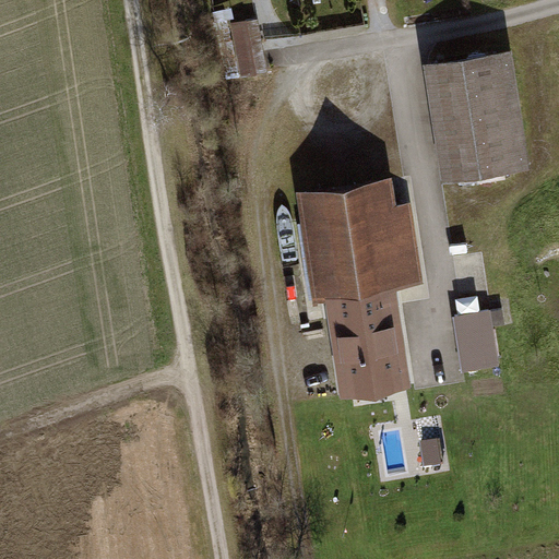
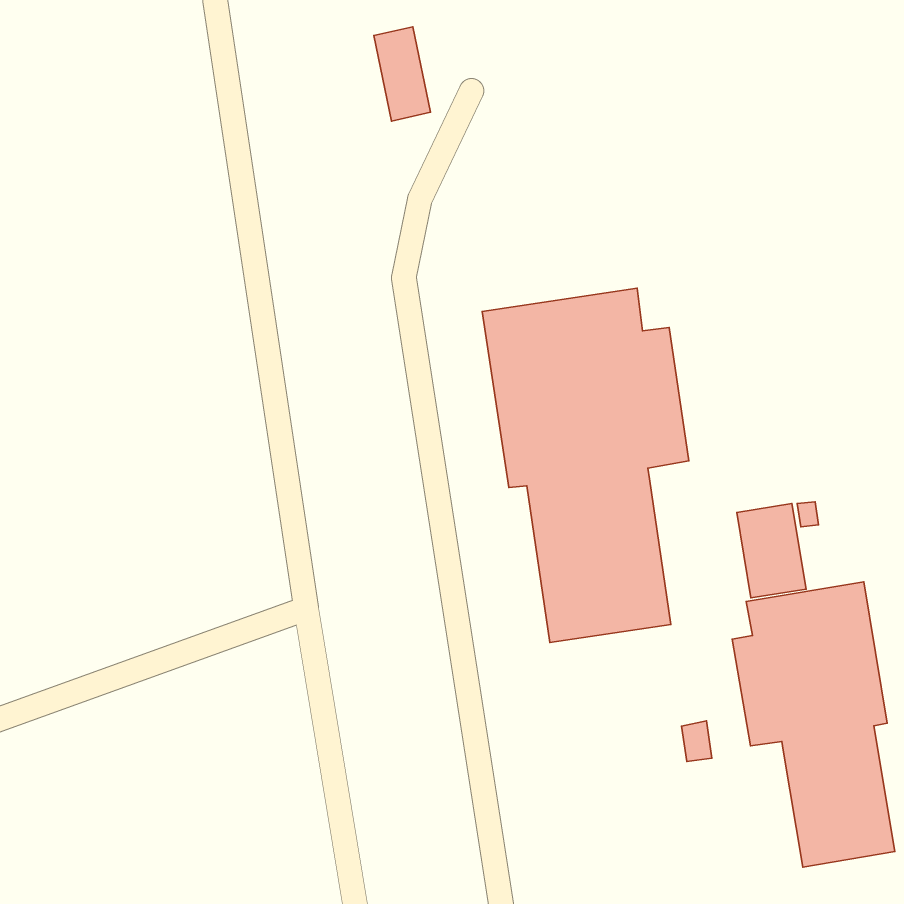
building: [424,52,530,182] -> none
building: none -> [732,582,895,867]

